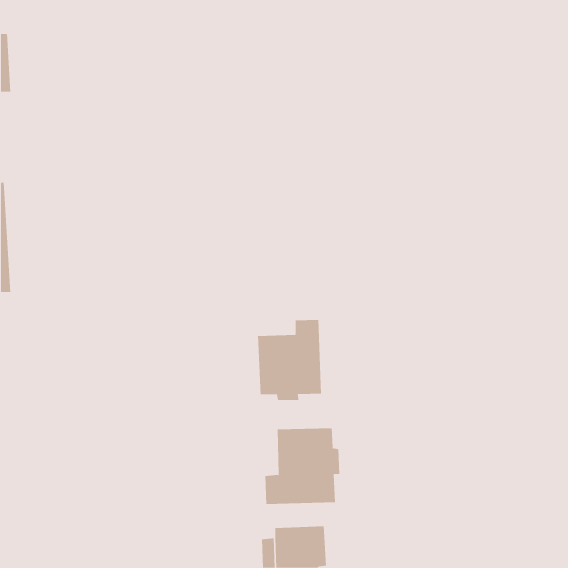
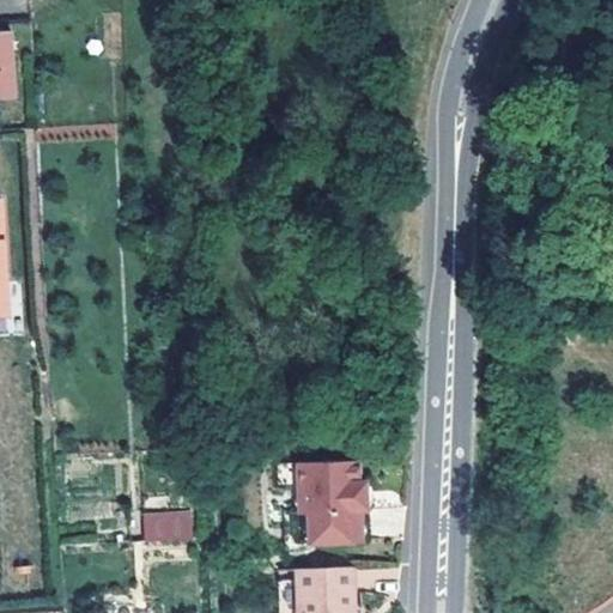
building: [258,319,321,401] -> none
building: none -> [141,510,193,542]

